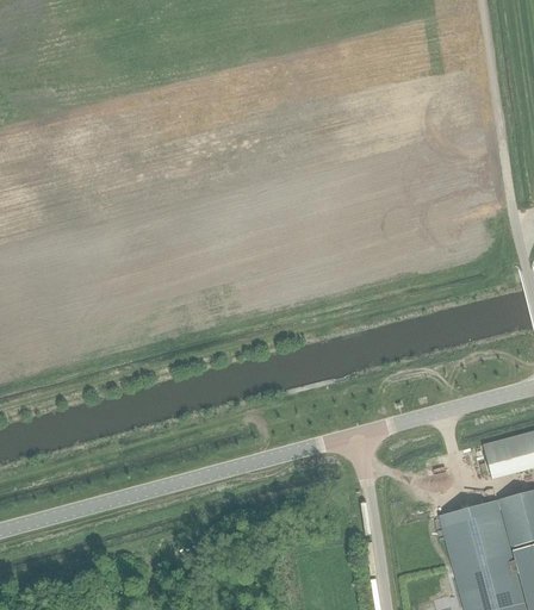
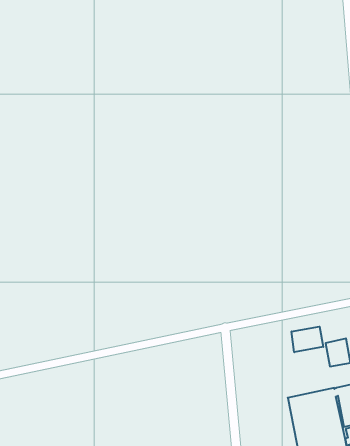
building: none -> [292,327,323,352]

